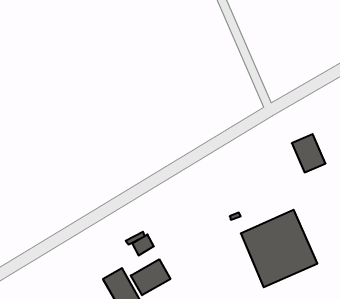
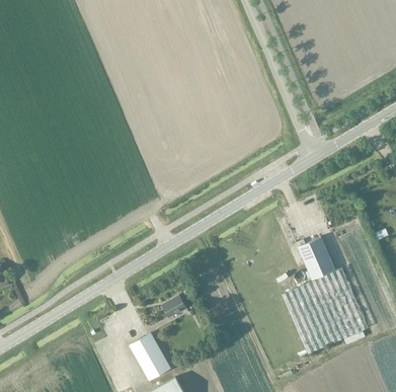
building: [292,134,326,172] -> [298,237,335,280]
building: [131,259,170,295] -> none

